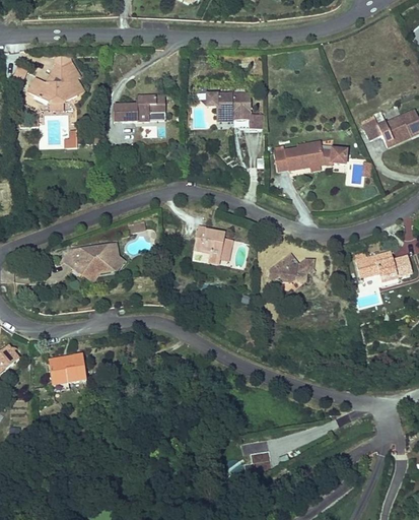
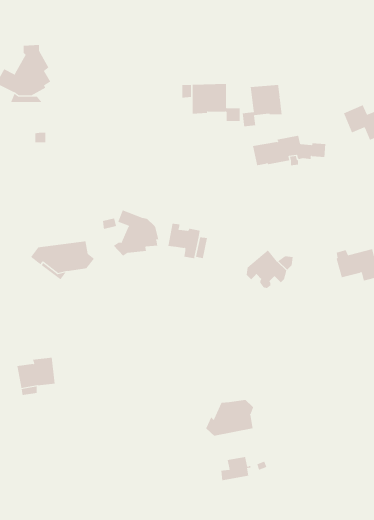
building: none -> [242,84,282,127]
building: [113,94,164,122] -> none
building: none -> [113,210,159,257]
building: none -> [206,399,254,436]

